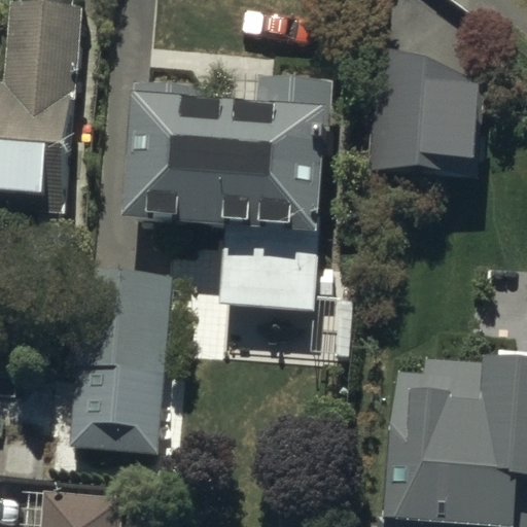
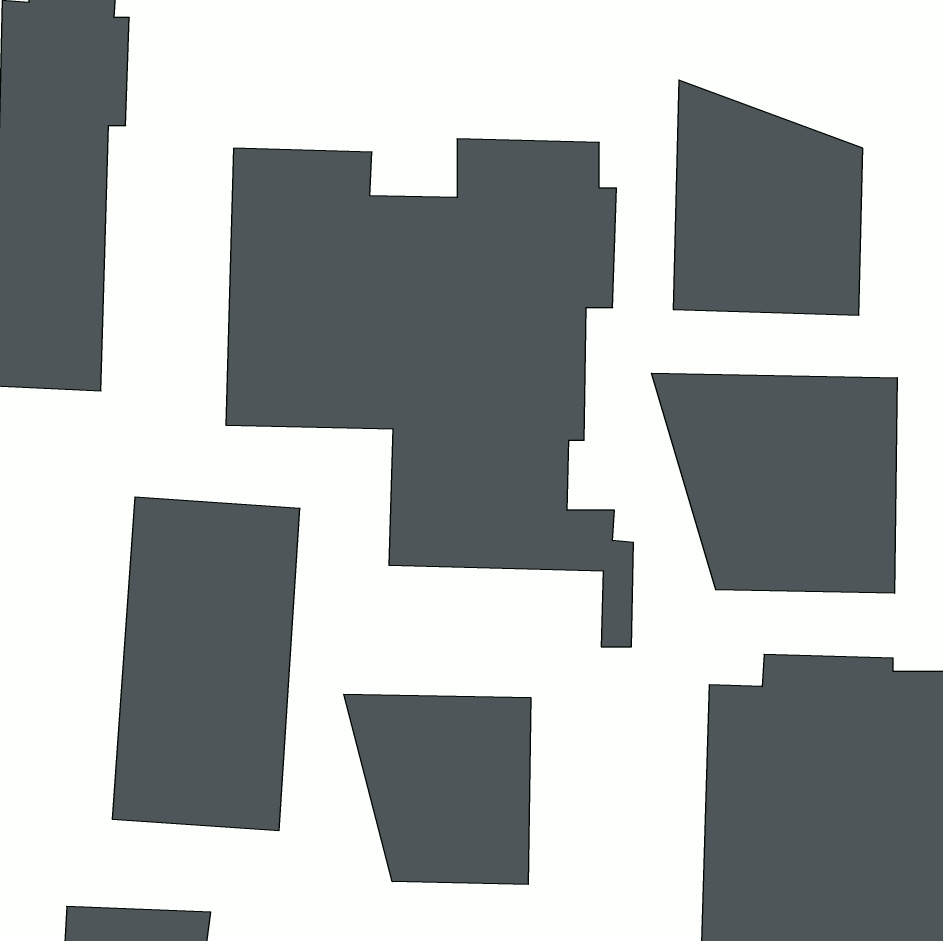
building: none -> [651,373,897,593]
building: none -> [344,694,531,884]

